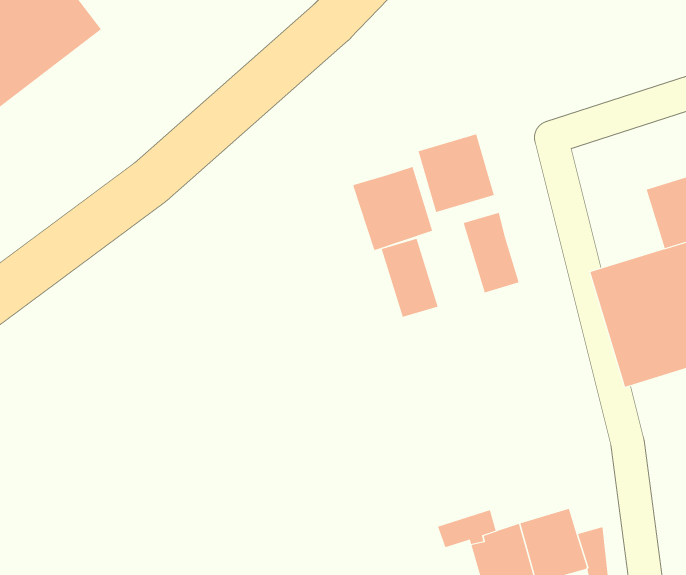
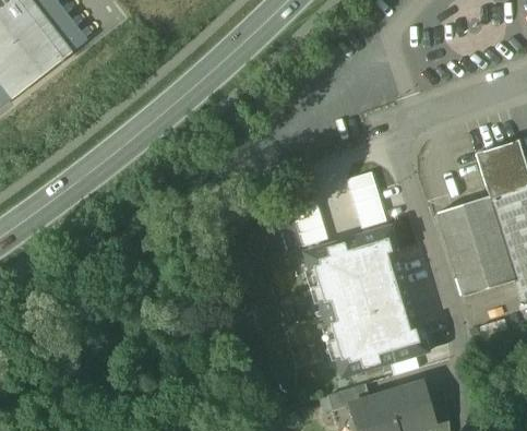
building: [418,133,495,213] -> none
building: [353,166,433,251] -> none
building: none -> [312,237,419,369]

